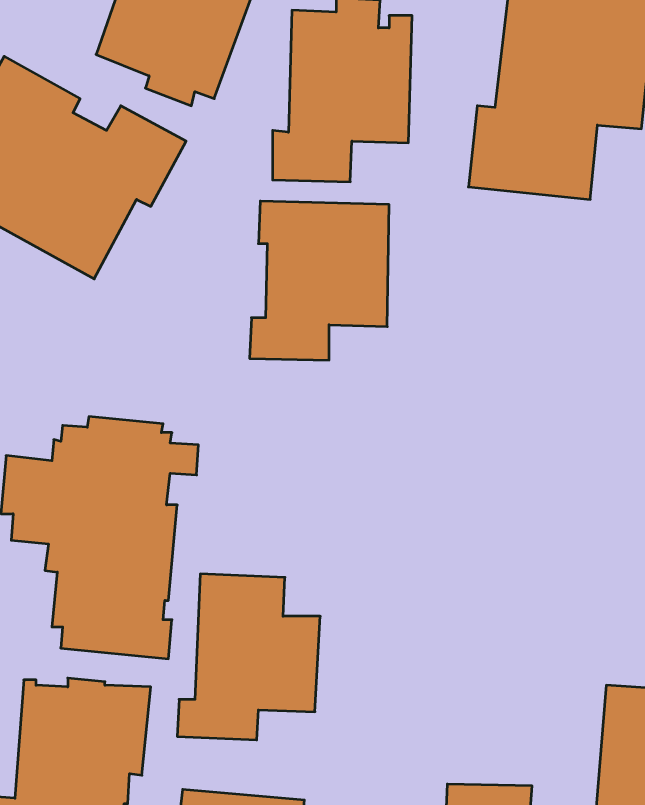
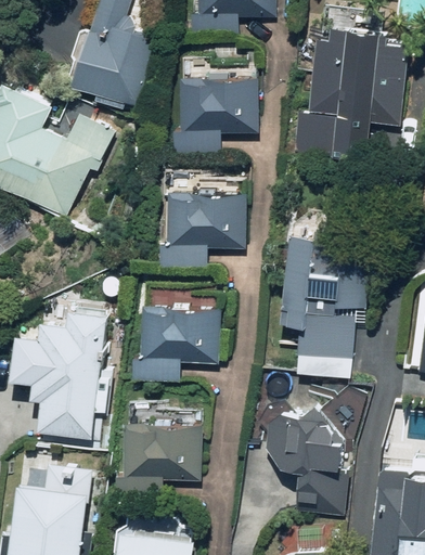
building: none -> [281,232,374,380]
building: none -> [131,282,218,385]
building: none -> [267,411,349,513]

